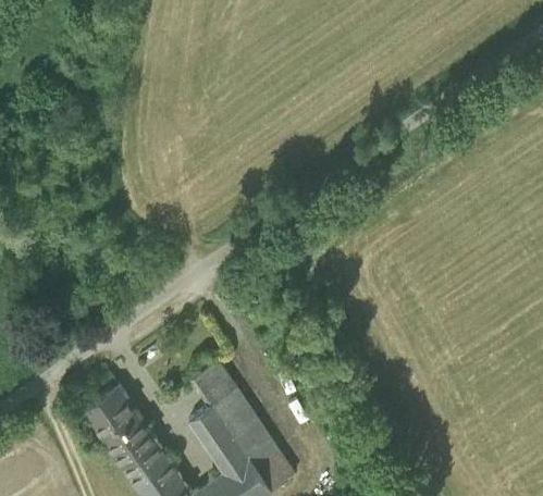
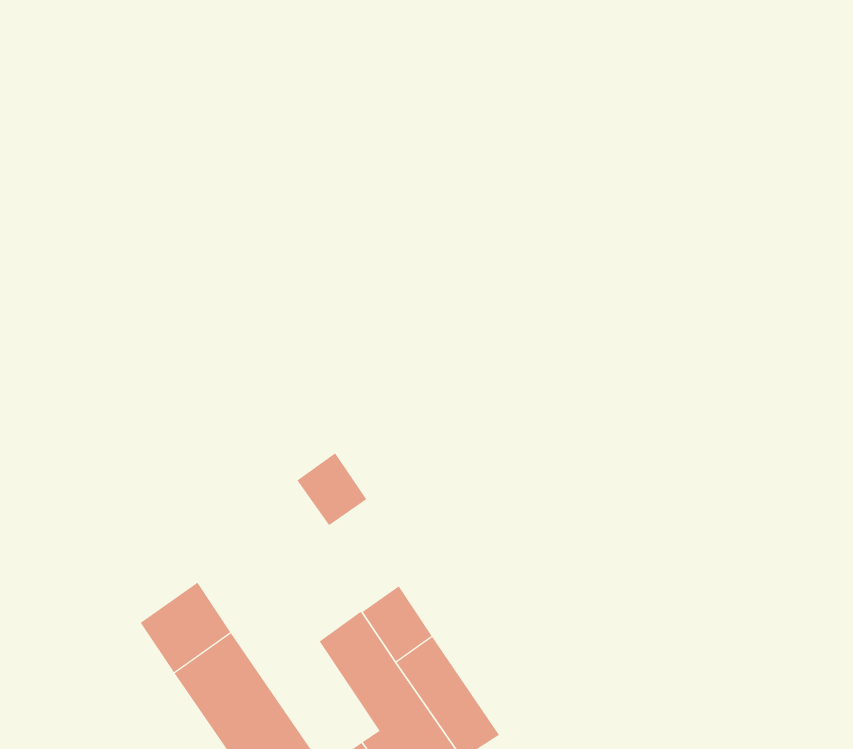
building: [195,361,236,404] -> [296,453,367,525]

